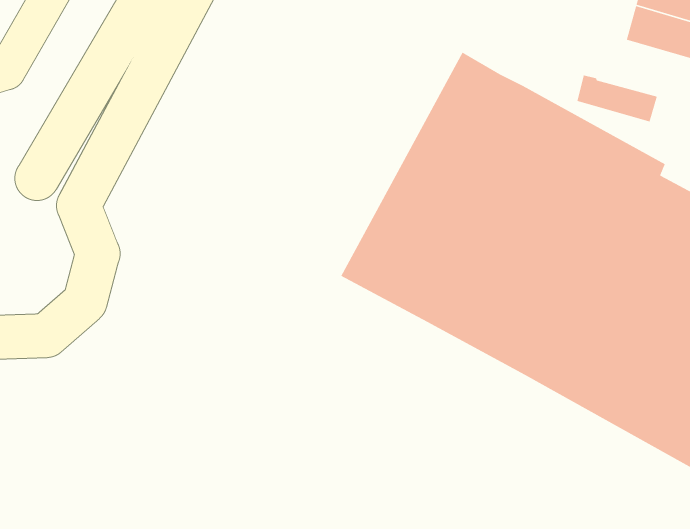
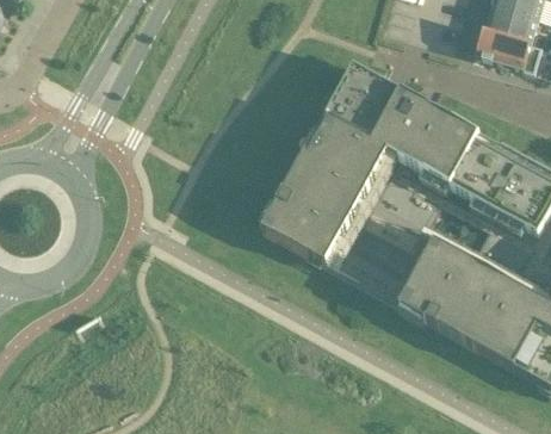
building: [576,75,658,123] -> none

